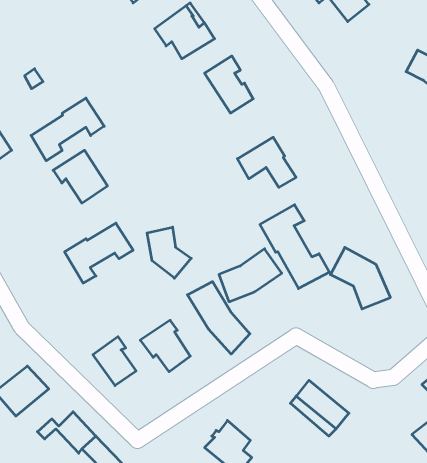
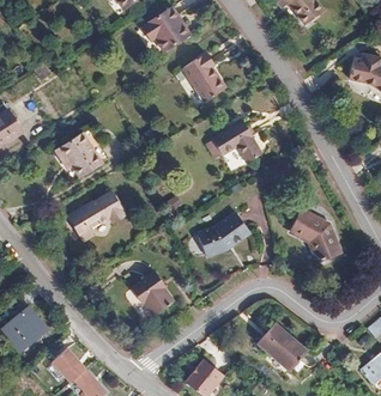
building: [31,98,104,161] -> none
building: [260,205,329,289] -> none
building: [147,227,191,278] -> none
building: [187,282,250,354] -> none
building: [93,337,136,386] -> none

